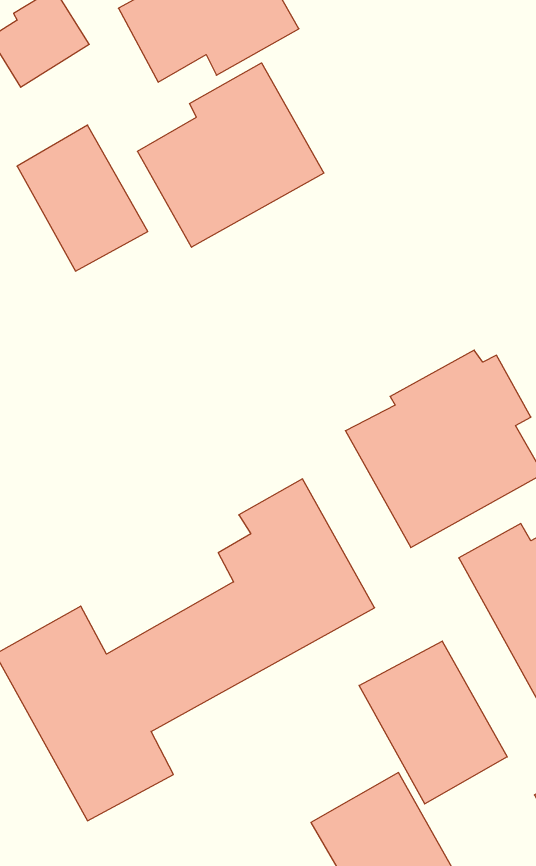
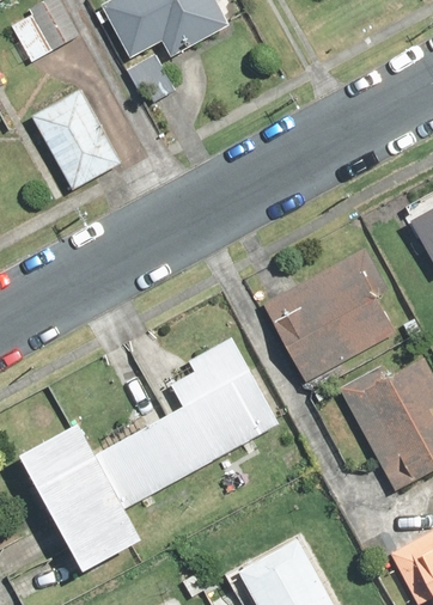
building: [137,63,324,247] -> none
building: [359,641,507,804] -> none

